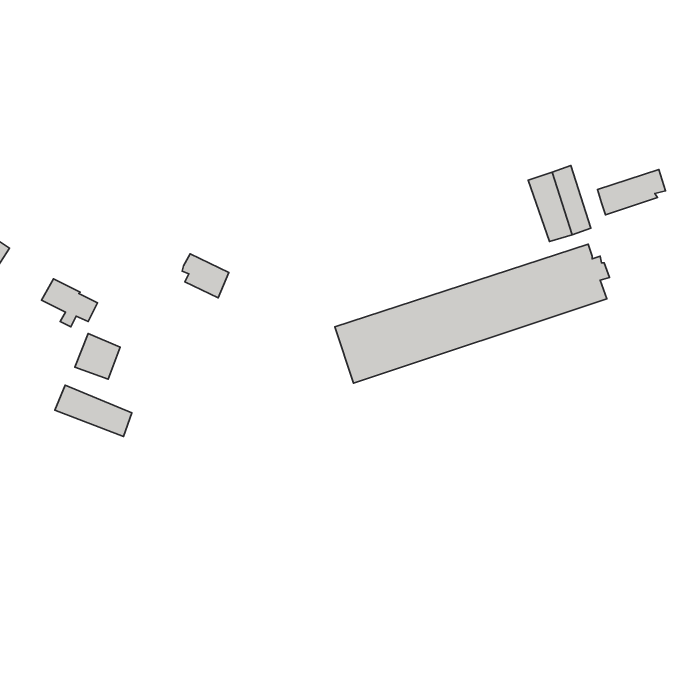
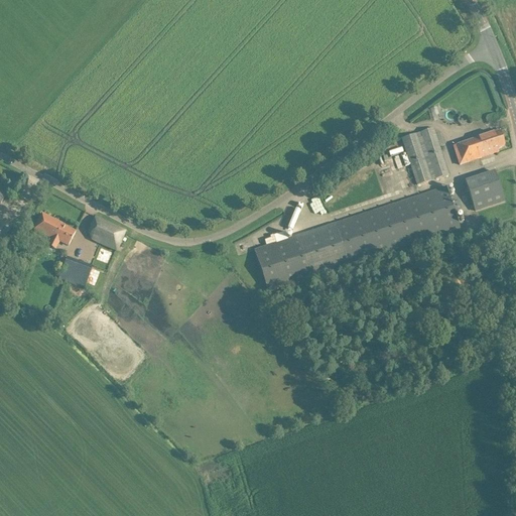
building: none -> [463,170,503,213]
building: [182,254,229,298] -> [88,214,123,247]
building: [55,385,132,437] -> none

